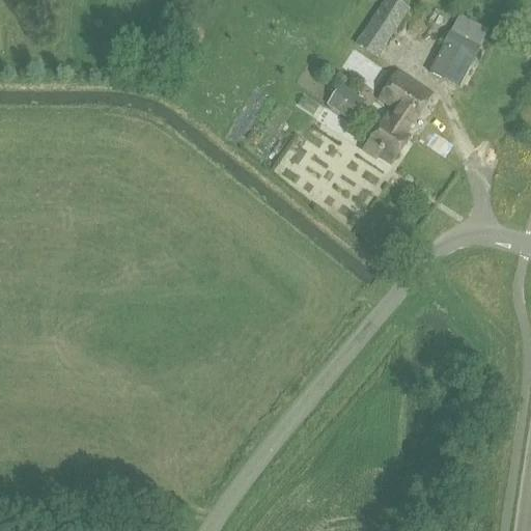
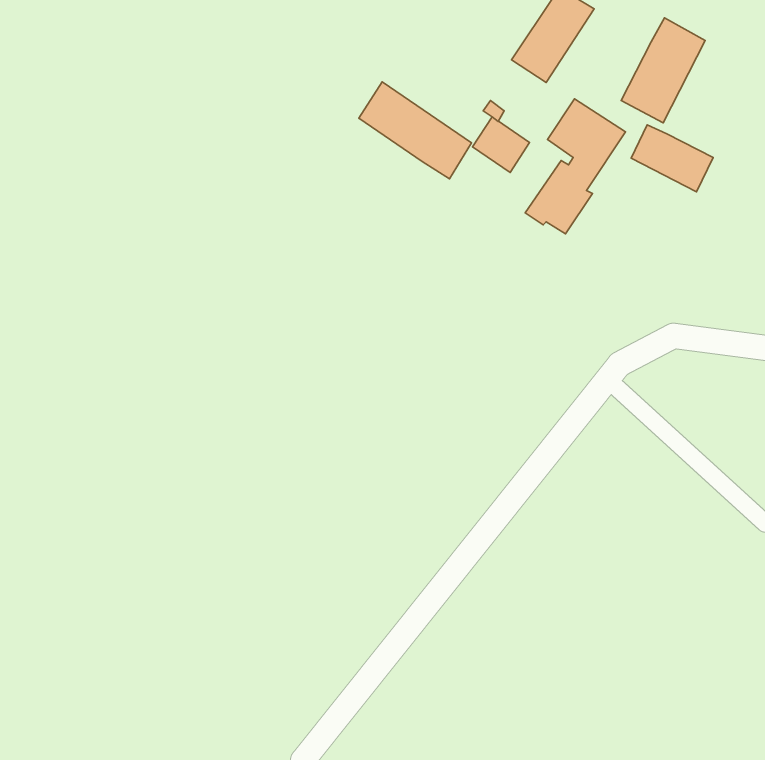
building: none -> [359,82,472,179]
building: none -> [631,125,713,192]

